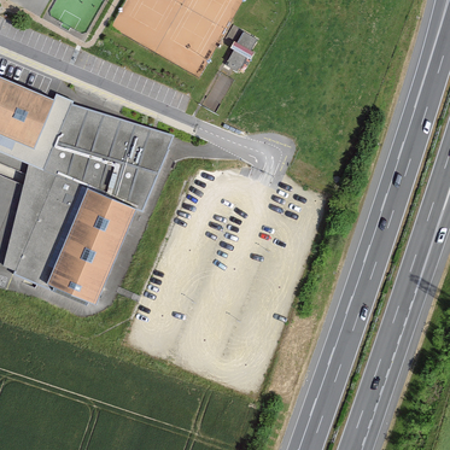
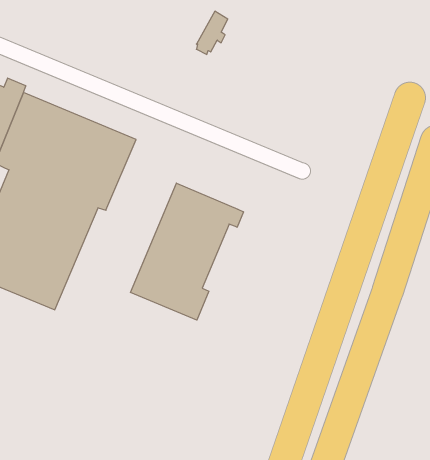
building: none -> [131,183,243,320]

